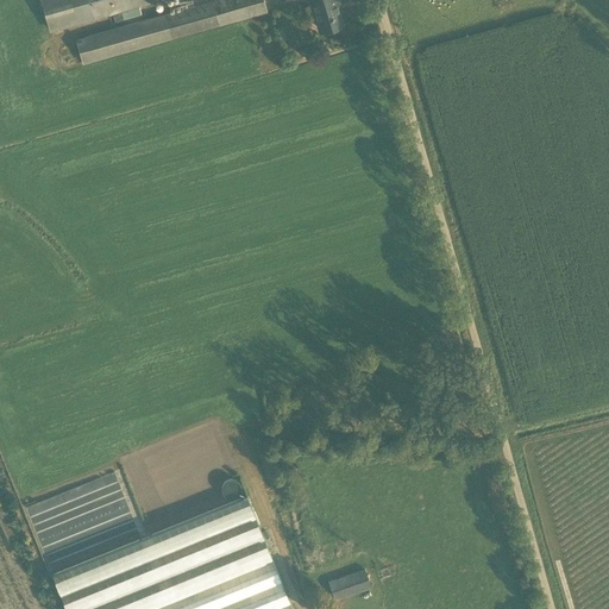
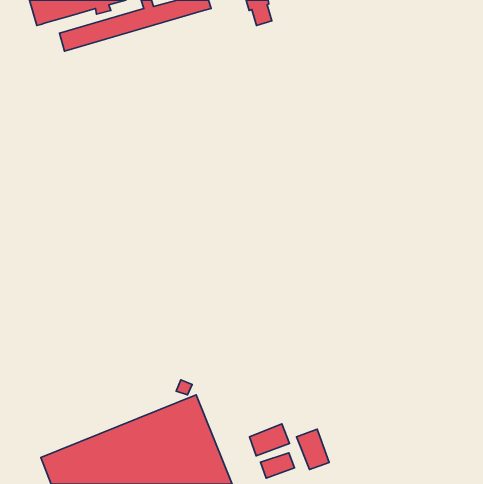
building: none -> [249,424,289,456]
building: none -> [296,429,329,470]

